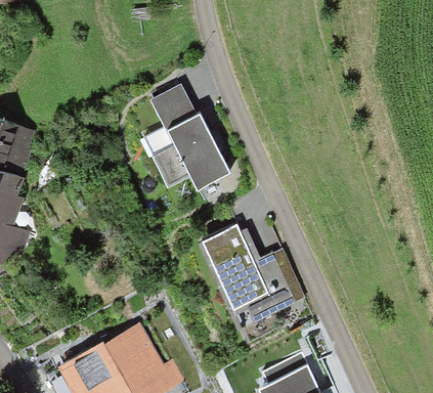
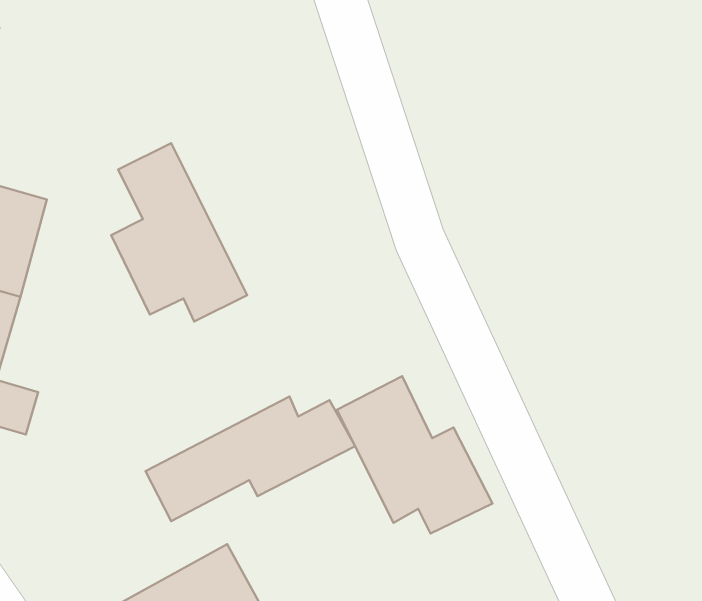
building: [146,85,225,188] -> [111,143,247,322]
building: none -> [146,396,355,521]

